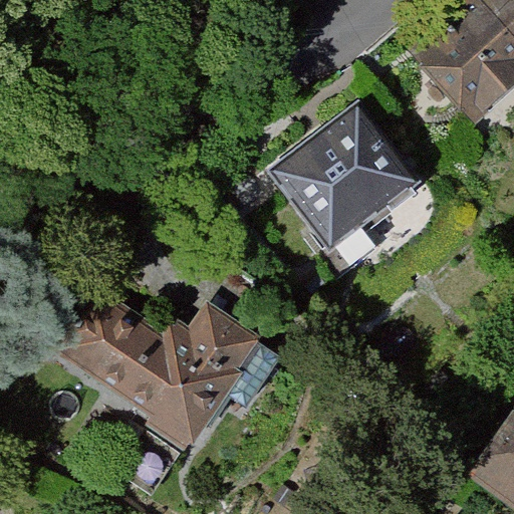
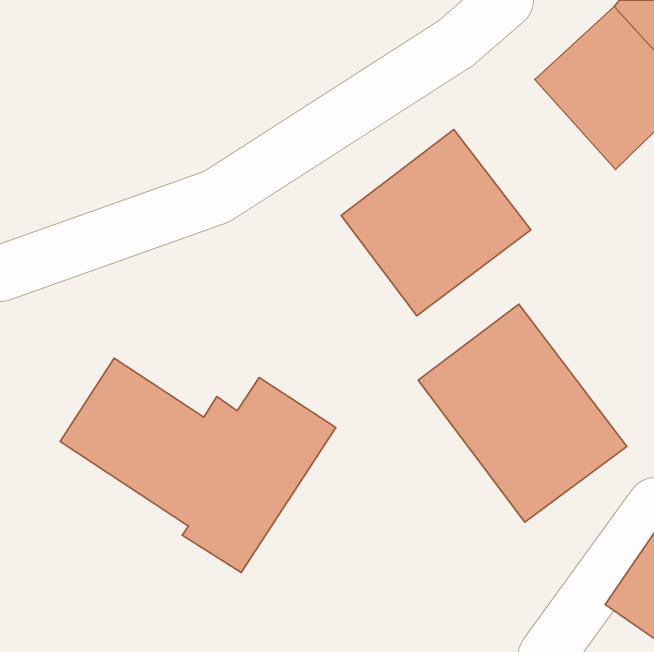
building: none -> [418,304,627,522]

